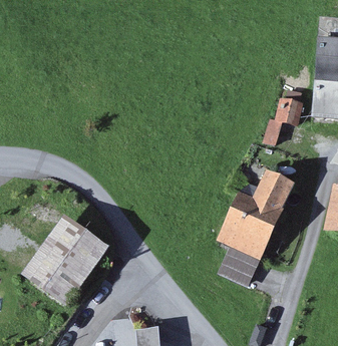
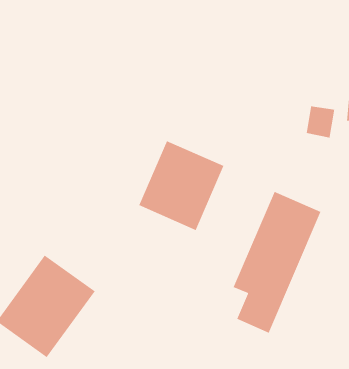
building: none -> [138,140,224,231]

